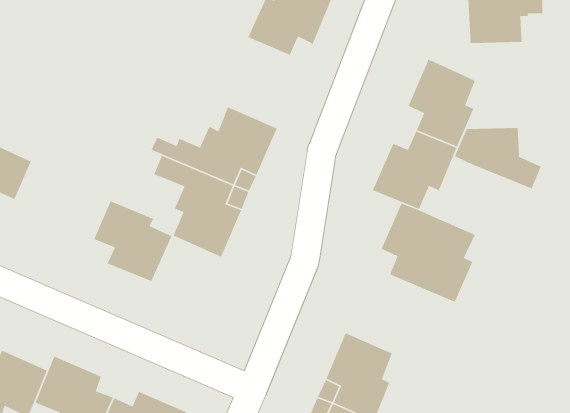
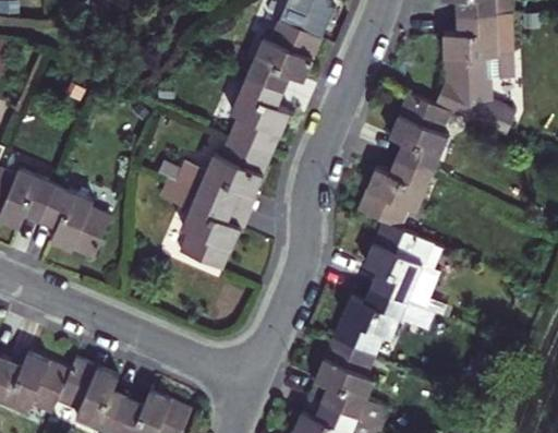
building: none -> [228,74,290,155]
building: [454,127,542,190] -> [433,79,511,134]
building: [93,200,173,282] -> [38,184,109,257]
building: none -> [332,286,437,364]

